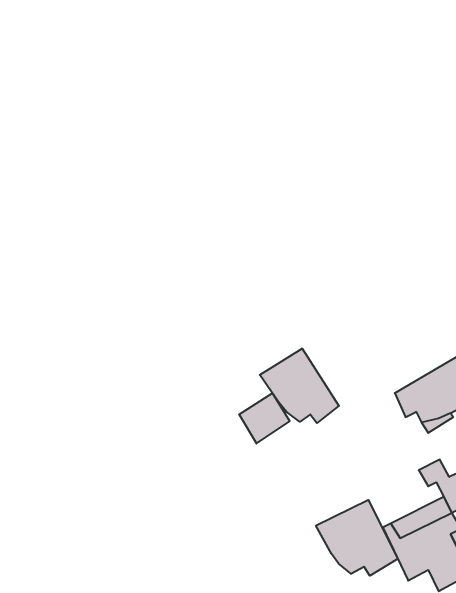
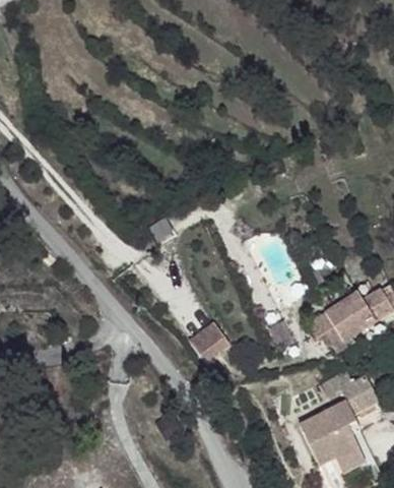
building: [260,348,339,423] -> none
building: [316,500,398,576] -> none

